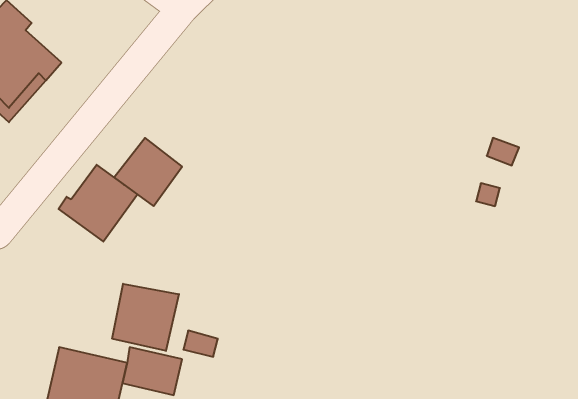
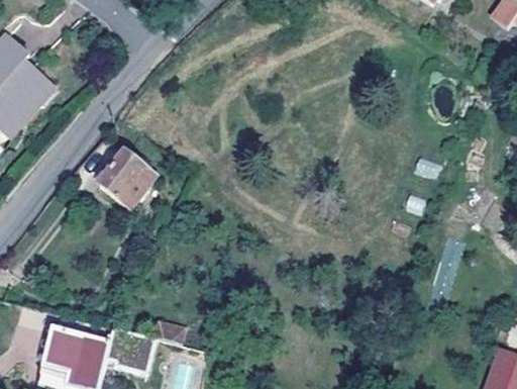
building: [59,165,138,242] -> none
building: [112,284,179,351] -> none

